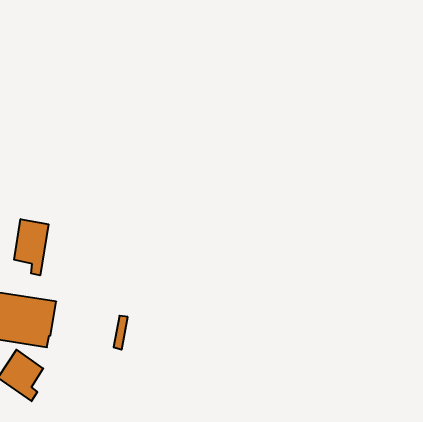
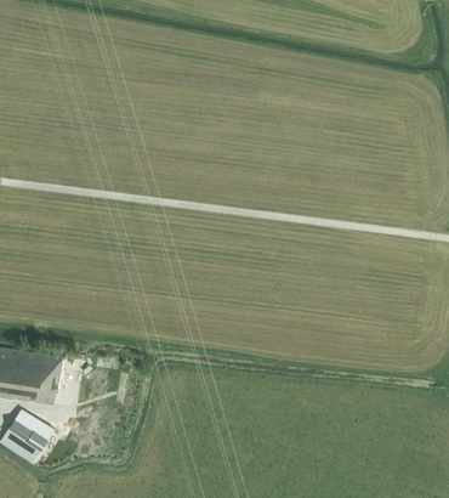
building: [14,219,48,275] -> none

